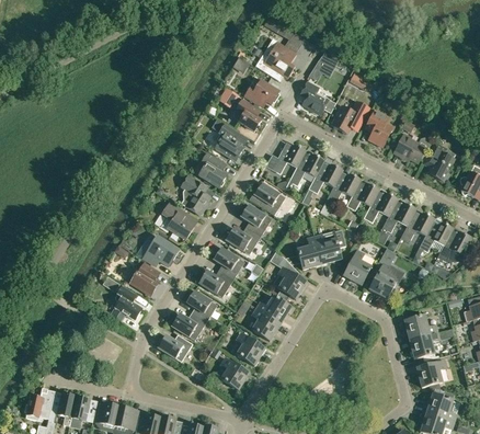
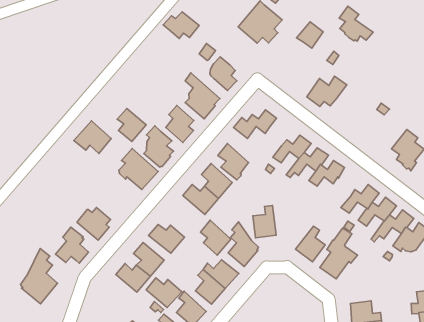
building: [244,80,279,106] -> [163,12,199,38]
building: [300,81,335,114] -> [339,6,373,41]
building: [364,110,392,147] -> none
building: [393,134,431,163] -> none
building: [286,153,324,190] -> none
building: none -> [117,109,146,142]
building: [364,192,398,222] -> none
building: [315,231,341,264] -> none
building: [142,236,179,266] -> [74,121,111,153]
building: [214,247,244,279] -> [200,220,231,255]
building: none -> [20,248,58,304]
building: [158,334,193,362] -> [146,278,182,308]

